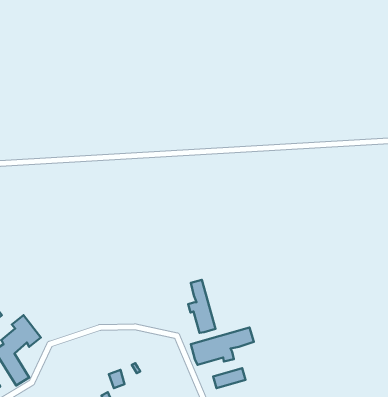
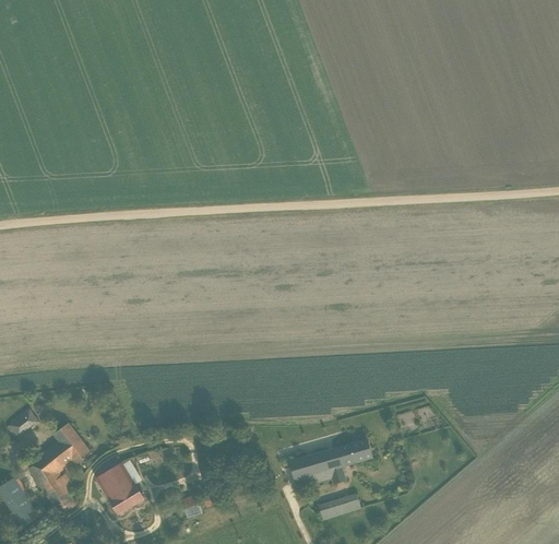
building: [188,280,216,333] -> none
building: none -> [95,462,144,515]

